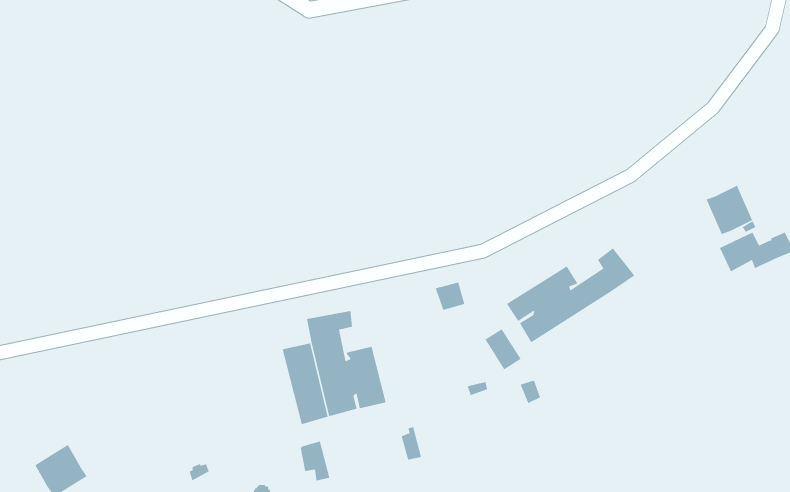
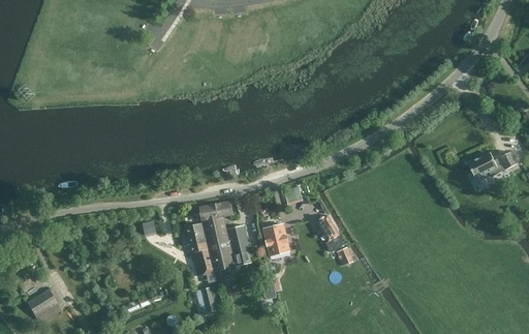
building: [706,185,753,235] -> none
building: [506,247,635,343] -> none
building: none -> [260,224,290,255]

